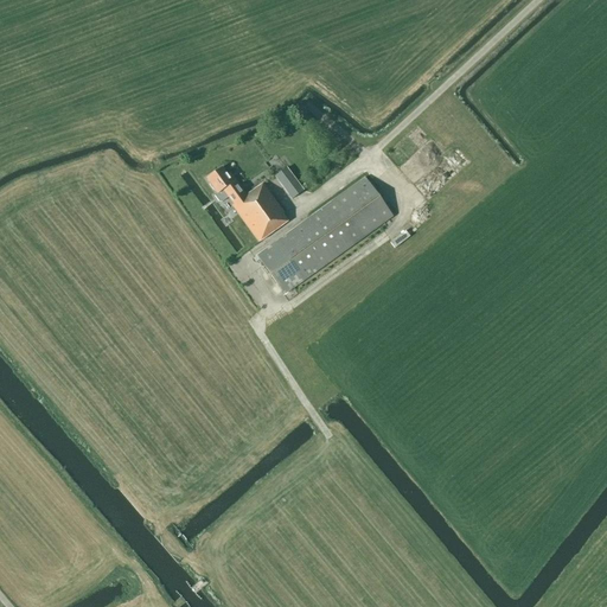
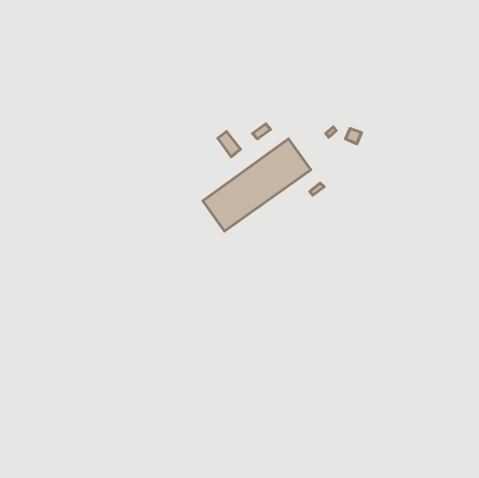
building: [207,166,288,239] -> none

